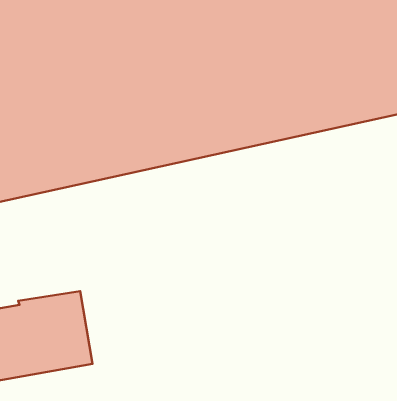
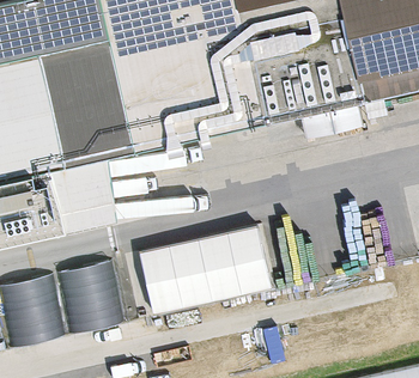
building: none -> [141,222,275,312]

